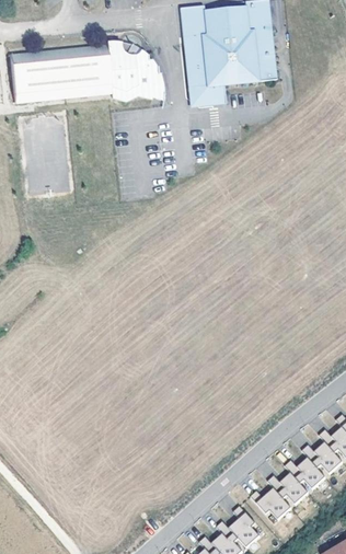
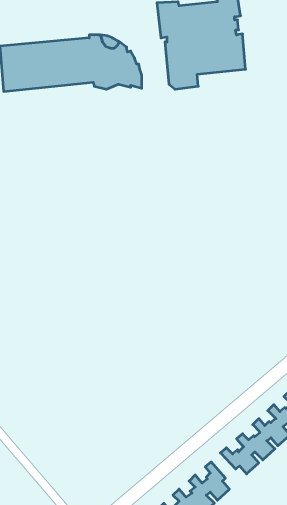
building: [185,44,226,106] -> none

